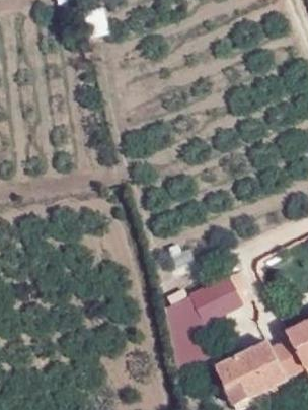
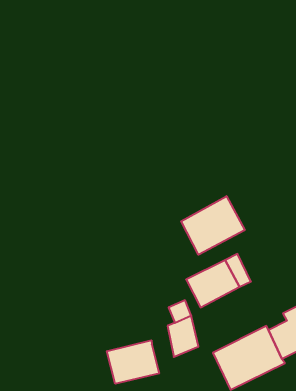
building: none -> [181,196,245,255]
building: none -> [107,340,159,384]

